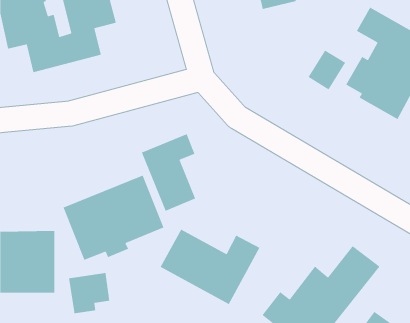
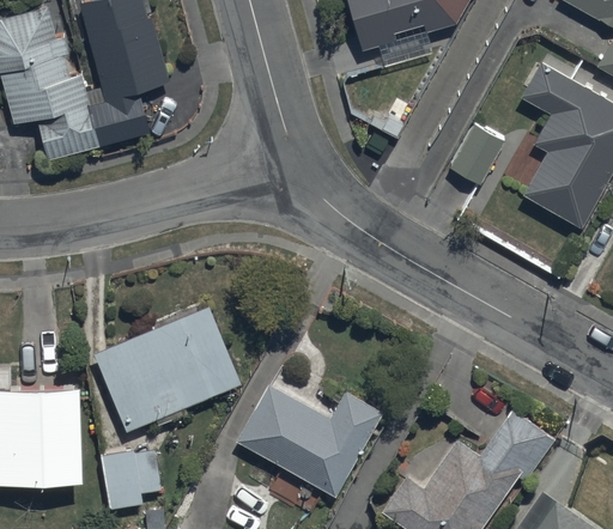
building: [141,133,196,212] -> none

